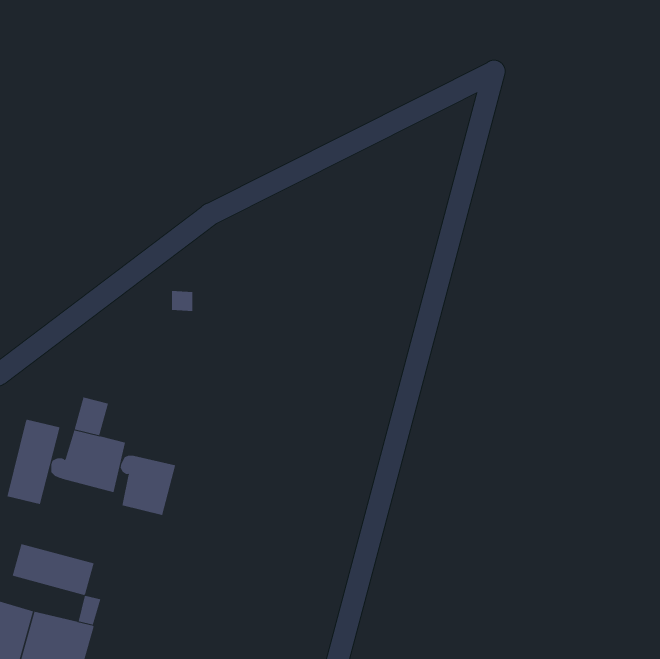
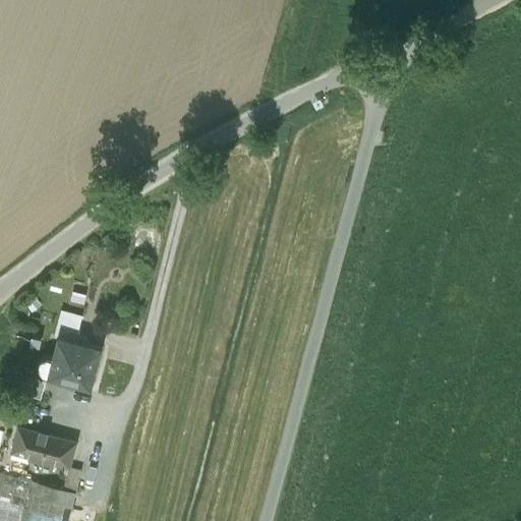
building: [7,419,60,505] -> none
building: [120,455,176,516] -> none

